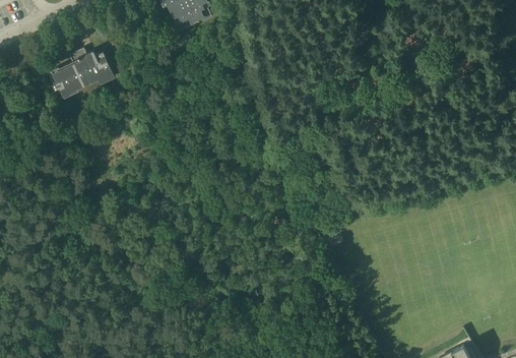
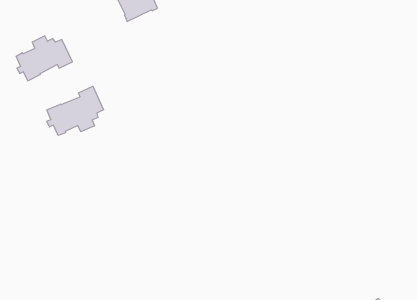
building: none -> [47,86,103,135]

